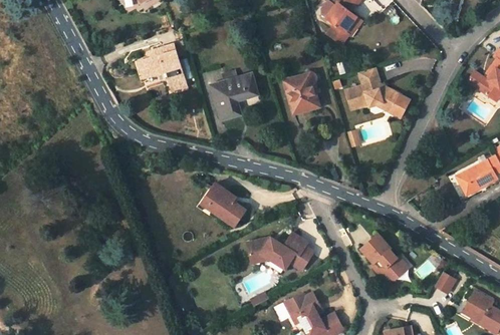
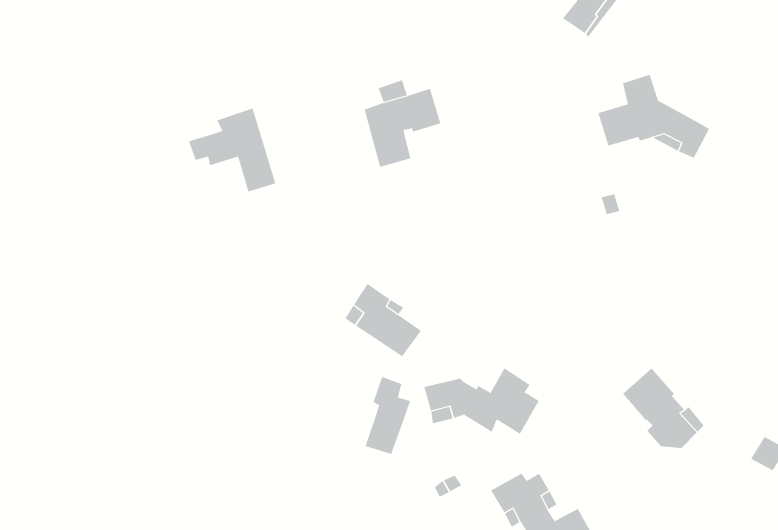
building: [138,43,188,91] -> [188,108,276,192]
building: [284,72,319,113] -> none
building: none -> [365,376,411,455]

